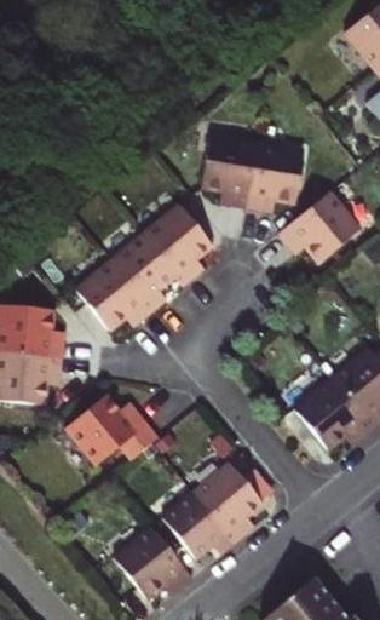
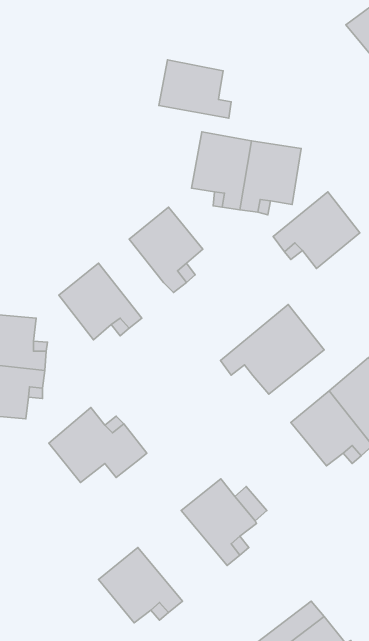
building: none -> [159,60,231,118]
building: [113,234,174,309] -> none
building: none -> [220,304,324,394]
building: [161,492,235,558] -> none

